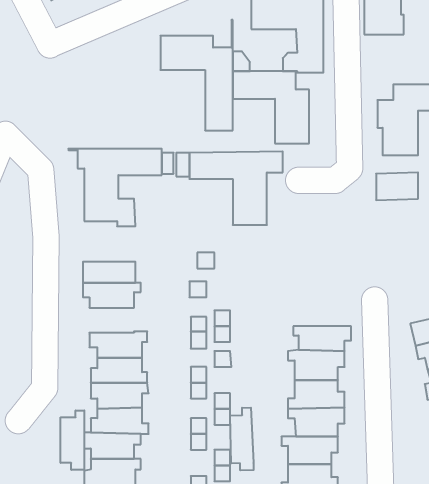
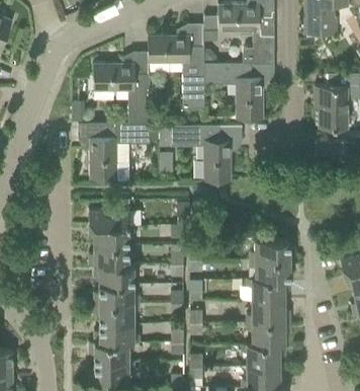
building: none -> [94,63,150,124]
building: none -> [251,240,295,260]
building: none -> [89,246,133,266]
building: [230,408,254,470] -> none
building: [61,410,84,470] -> none

